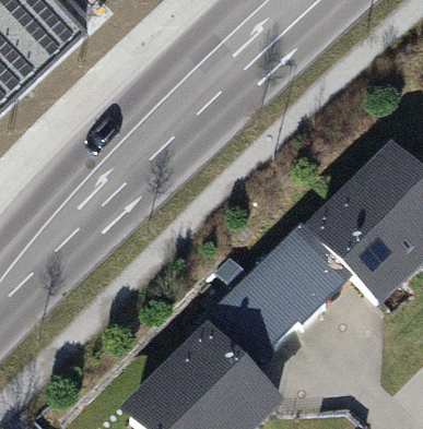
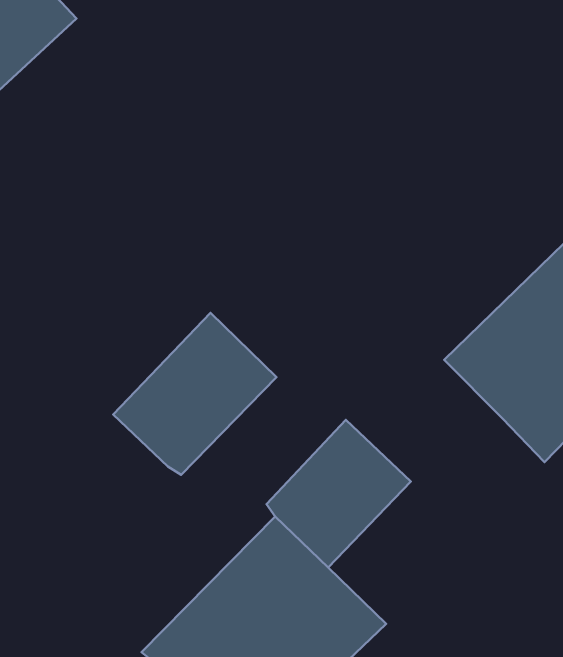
building: none -> [113,313,277,475]
building: [257,224,354,320] -> none

